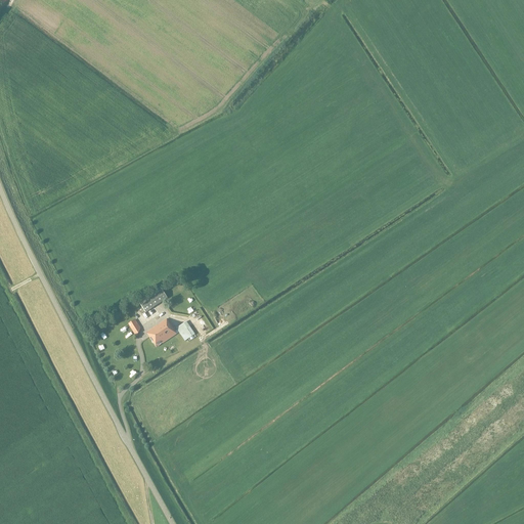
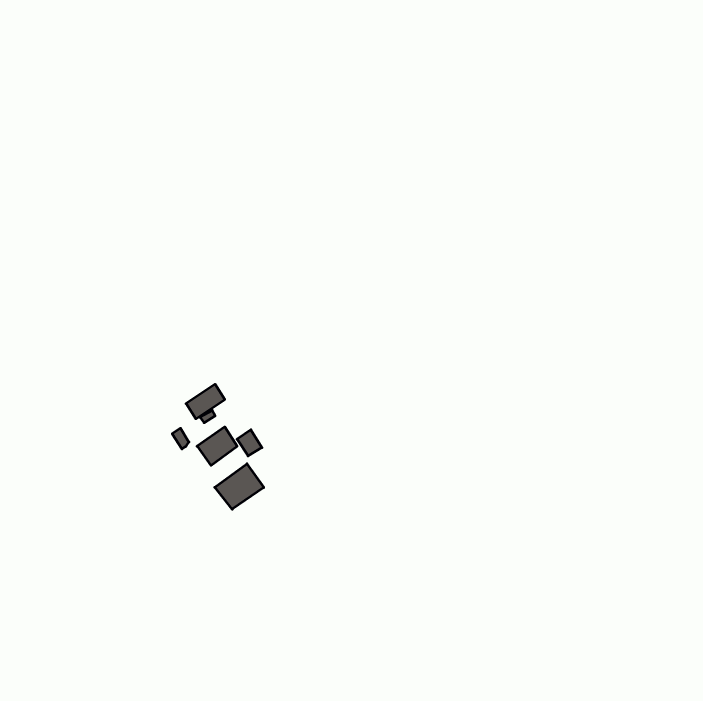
building: none -> [215,464,264,509]

